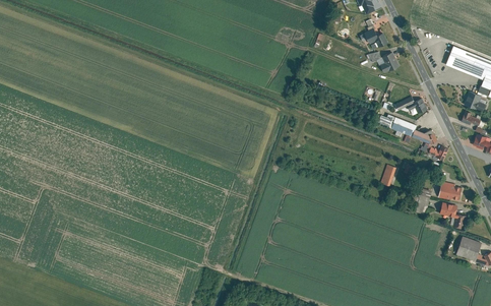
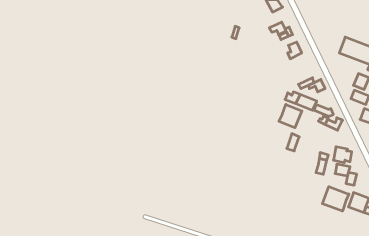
building: none -> [279,104,302,128]
building: none -> [322,187,349,211]

